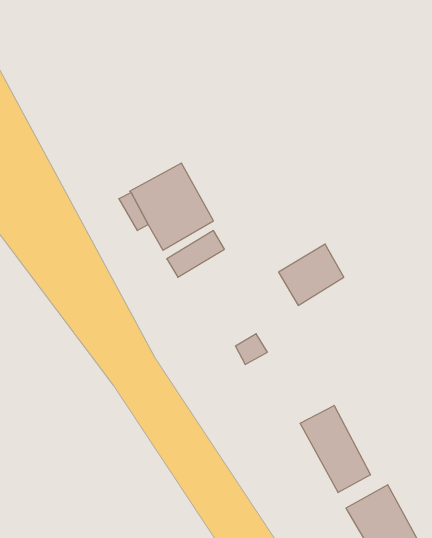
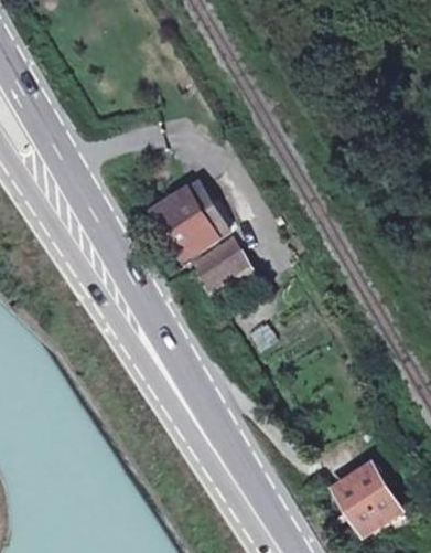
building: [279,244,344,305] -> [193,249,251,305]
building: [300,405,370,493] -> none

